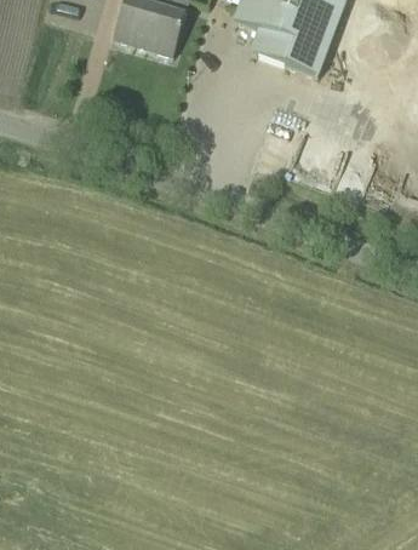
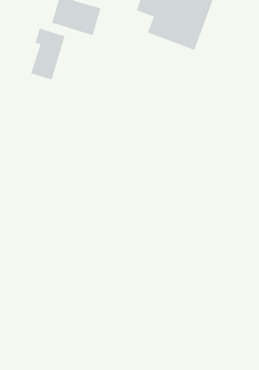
building: none -> [30,28,66,80]

